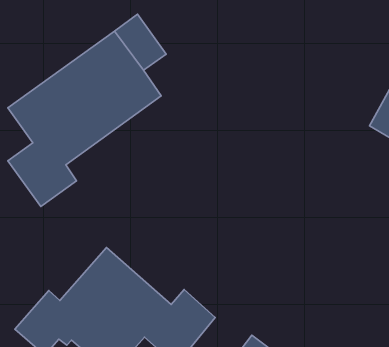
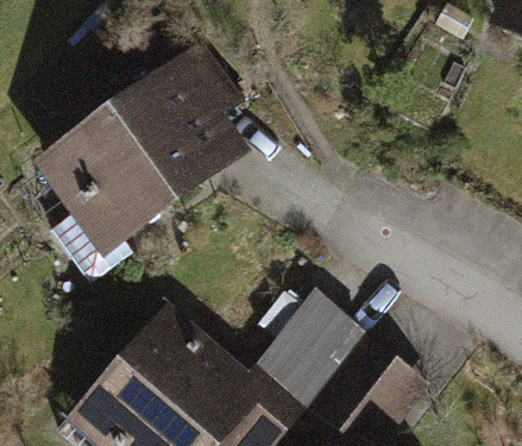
building: none -> [257,287,365,410]
building: none -> [325,341,420,438]

